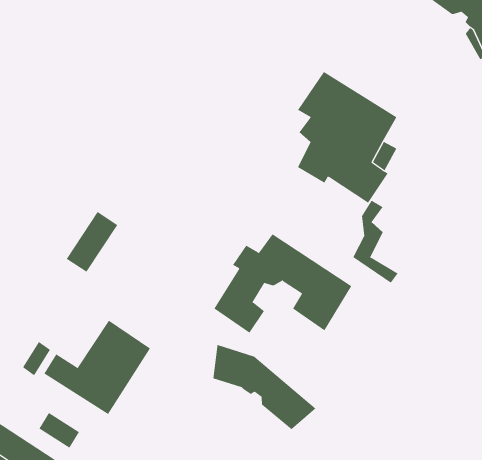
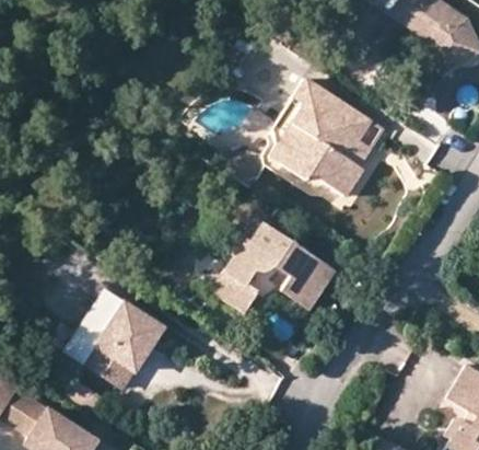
building: [352,200,399,283] -> [269,116,309,189]
building: [66,211,118,273] -> [74,288,120,342]
building: [213,344,317,430] -> none

